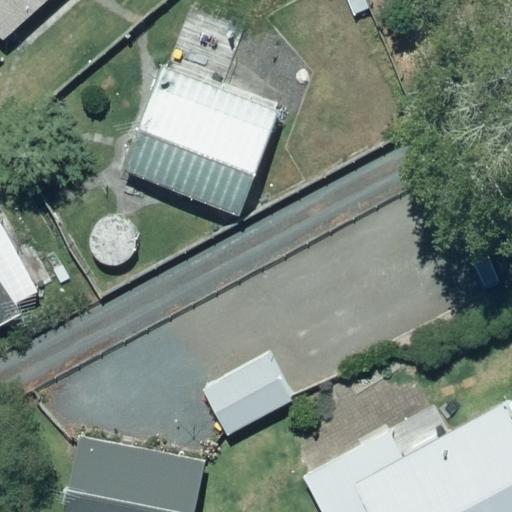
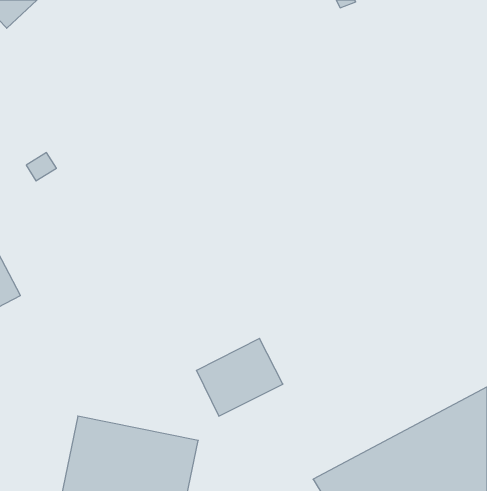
building: [125,64,281,212] -> none

